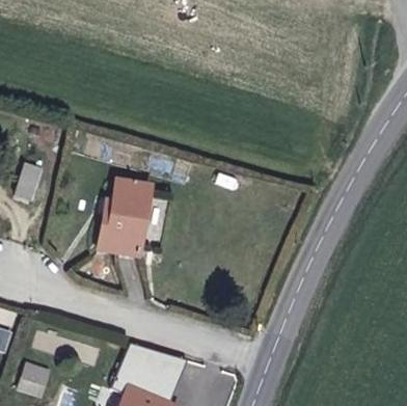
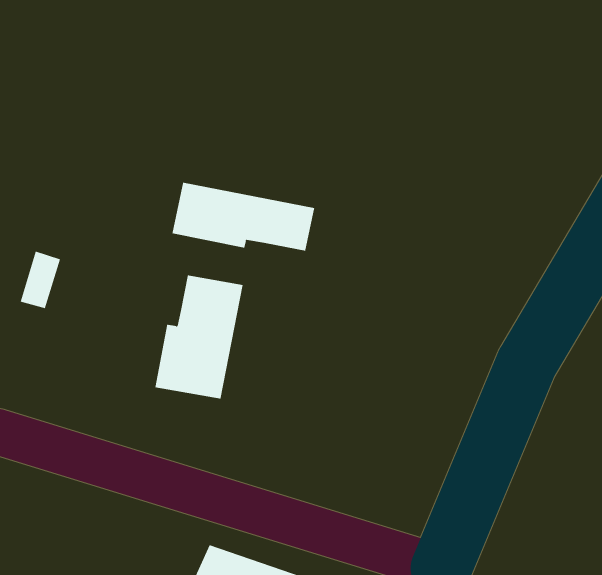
building: none -> [172,182,315,252]

